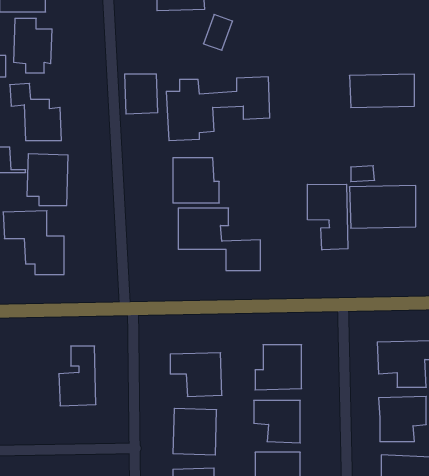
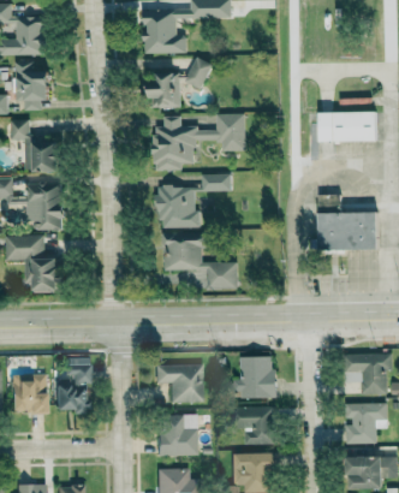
building: [125,74,158,114] -> [149,72,179,108]
building: none -> [201,173,231,191]
building: [307,184,348,250] -> none
building: none -> [10,374,46,414]

